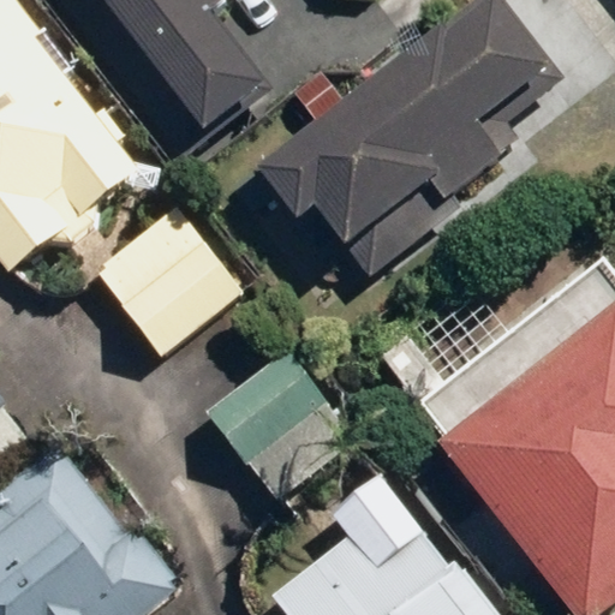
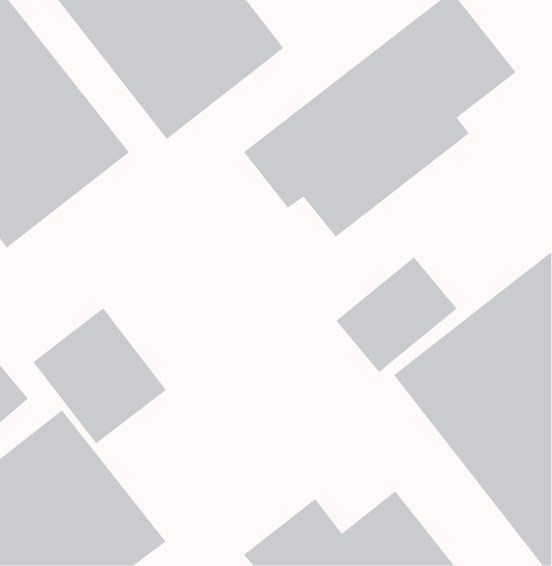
building: [92,211,238,359] -> [32,308,167,444]
building: [203,347,360,504] -> none

